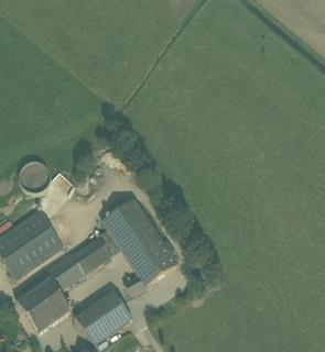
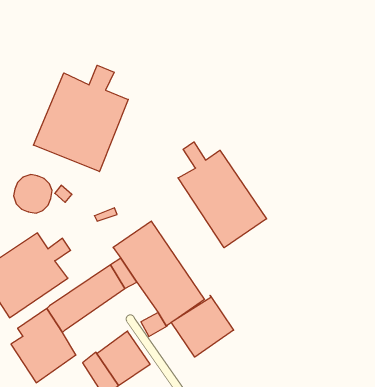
building: none -> [33,65,128,172]
building: none -> [178,142,267,248]
building: none -> [171,295,234,357]

